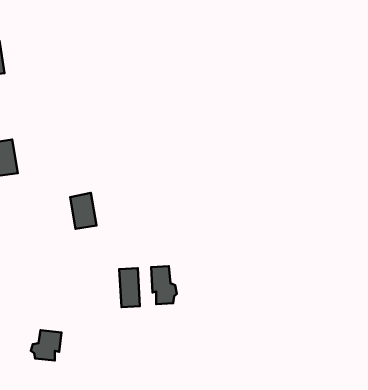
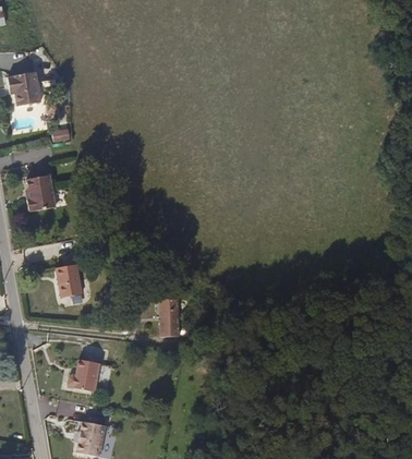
building: [70,193,96,229] -> [57,264,83,300]
building: [151,266,177,304] -> none

